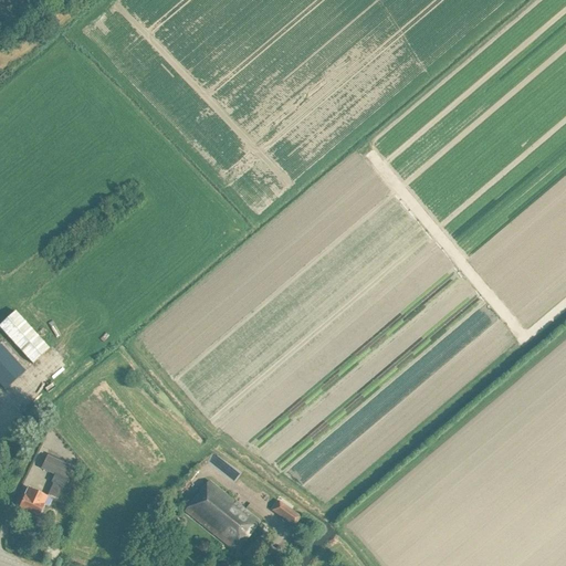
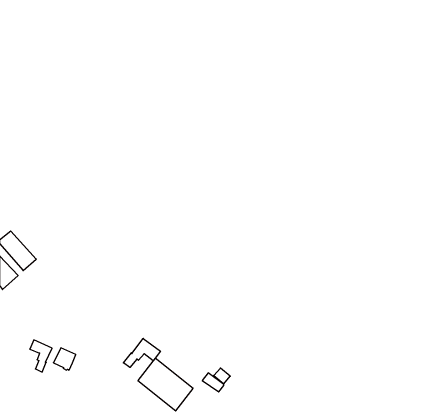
building: none -> [123,338,160,367]
building: [17,486,46,516] -> [53,348,76,370]

